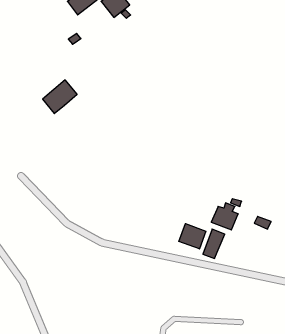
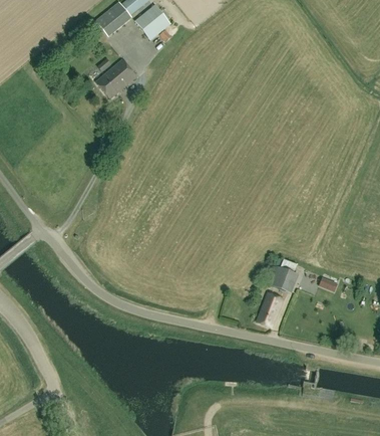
building: [43,80,77,114] -> [95,58,136,98]
building: [179,224,206,249] -> none

